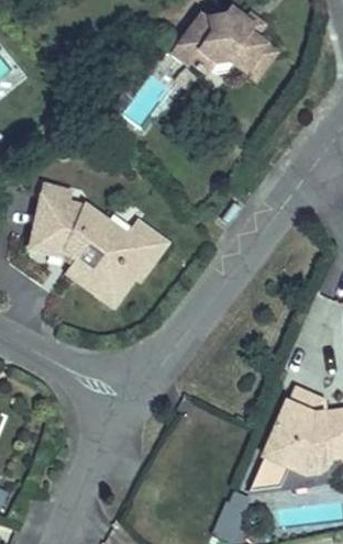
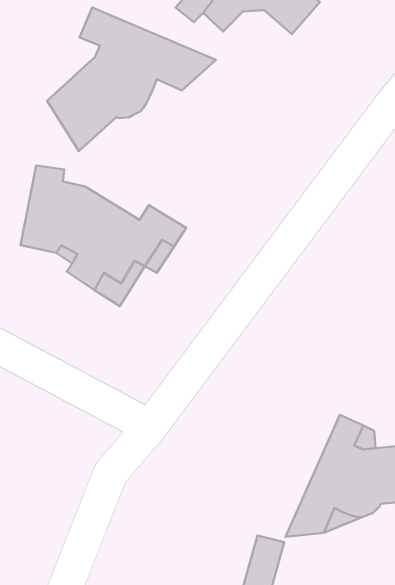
building: none -> [47,8,216,151]

